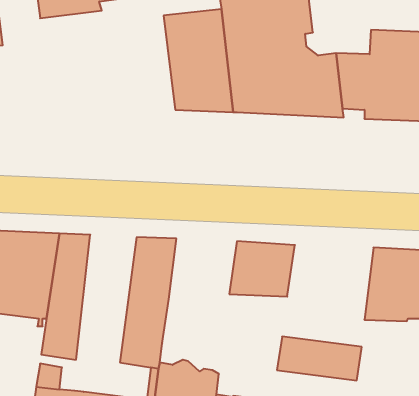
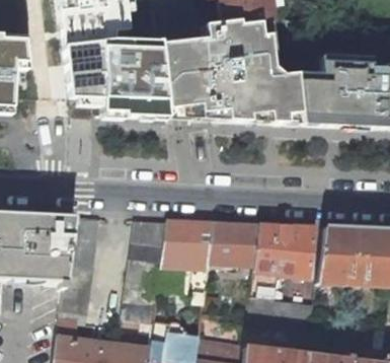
building: none -> [61,39,167,117]
building: none -> [162,218,216,301]
building: none -> [254,223,316,276]

